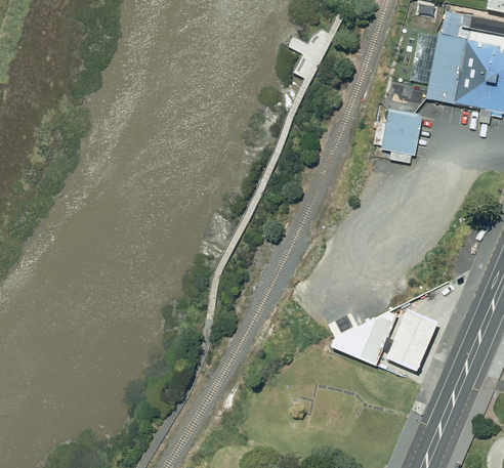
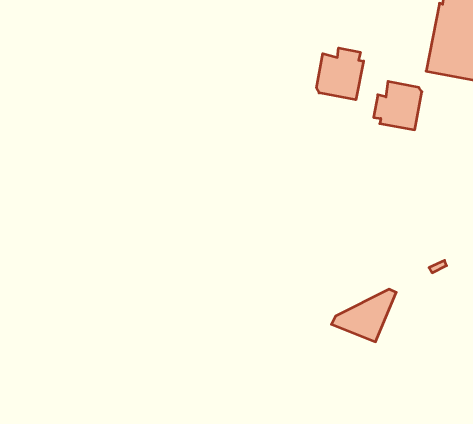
building: none -> [317,48,364,100]
building: [388,312,438,372] -> none

